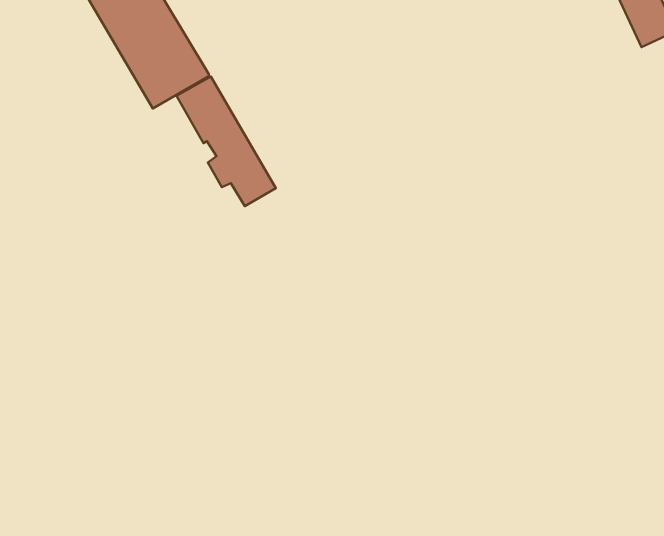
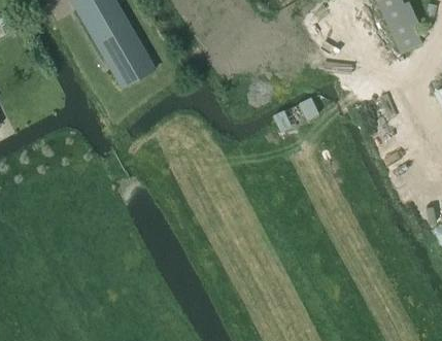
building: [176,76,276,206] -> none

